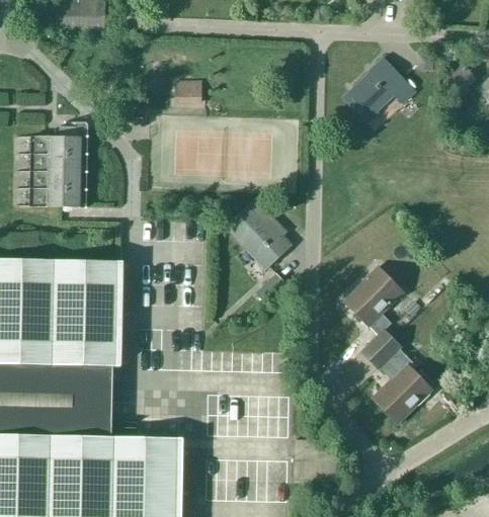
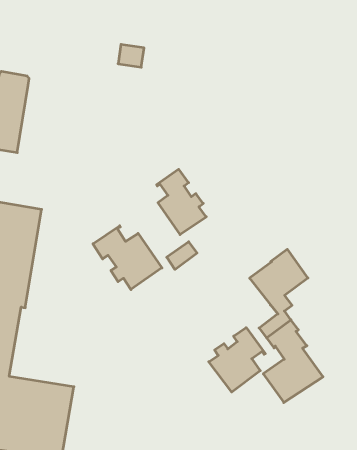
building: [341,59,413,114] -> none
building: none -> [93,226,162,290]
building: none -> [209,328,265,392]

